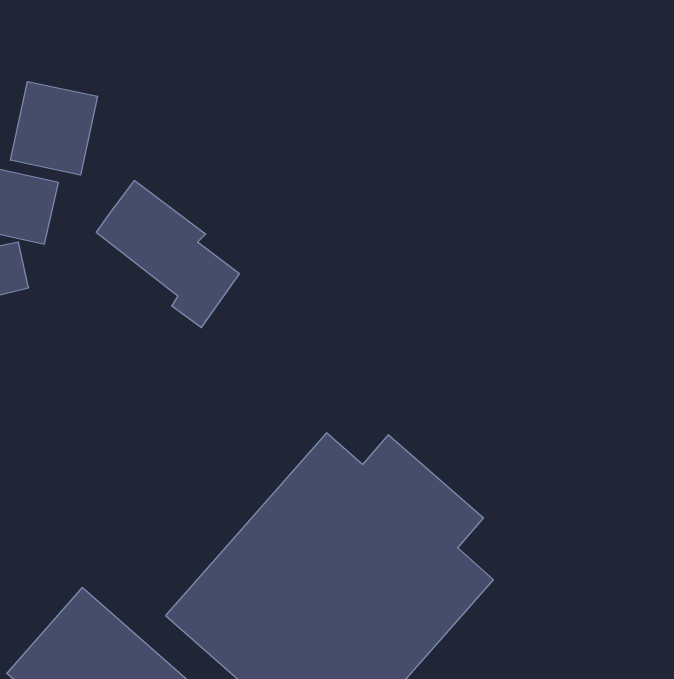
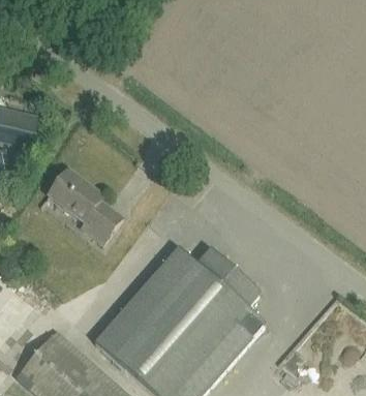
building: [10,82,98,175] -> none
building: [96,181,239,328] -> [48,169,122,245]

